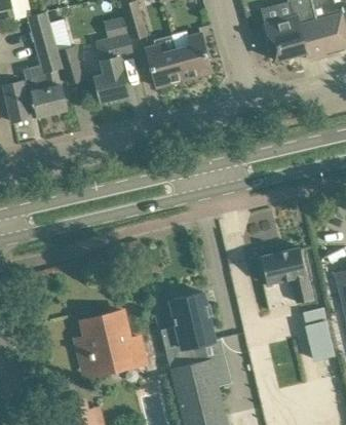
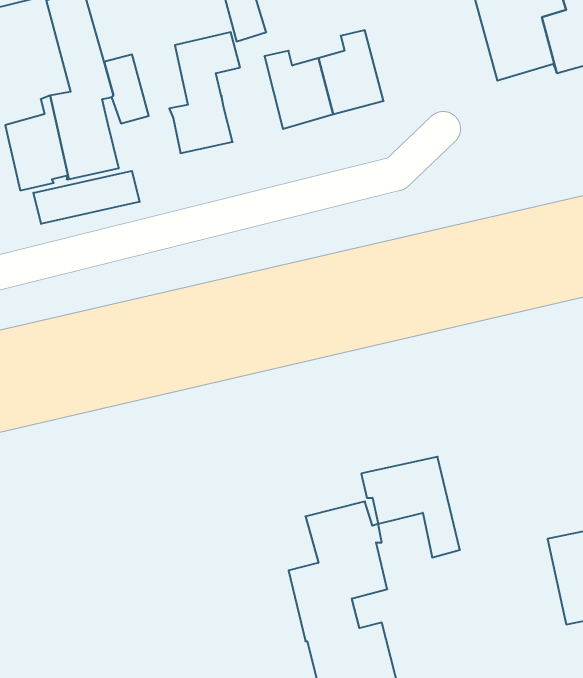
building: none -> [33,171,140,224]
building: [259,248,313,304] -> [361,457,460,557]
building: [77,311,147,368] -> none

